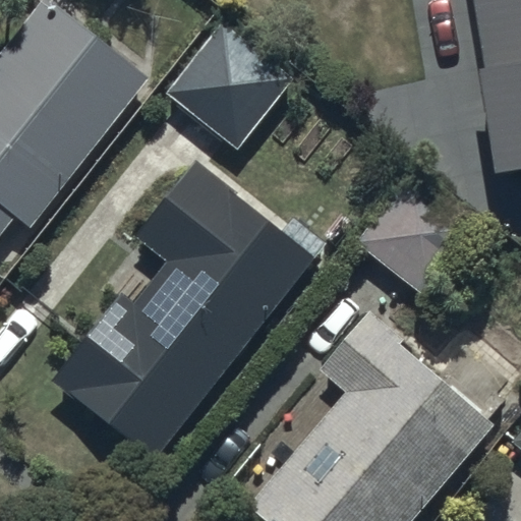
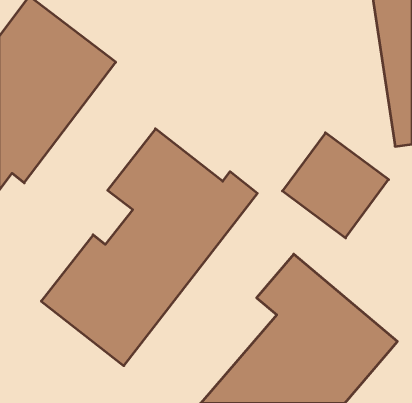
building: [165,18,293,149] -> none

